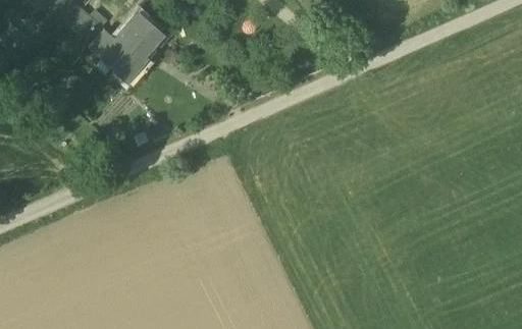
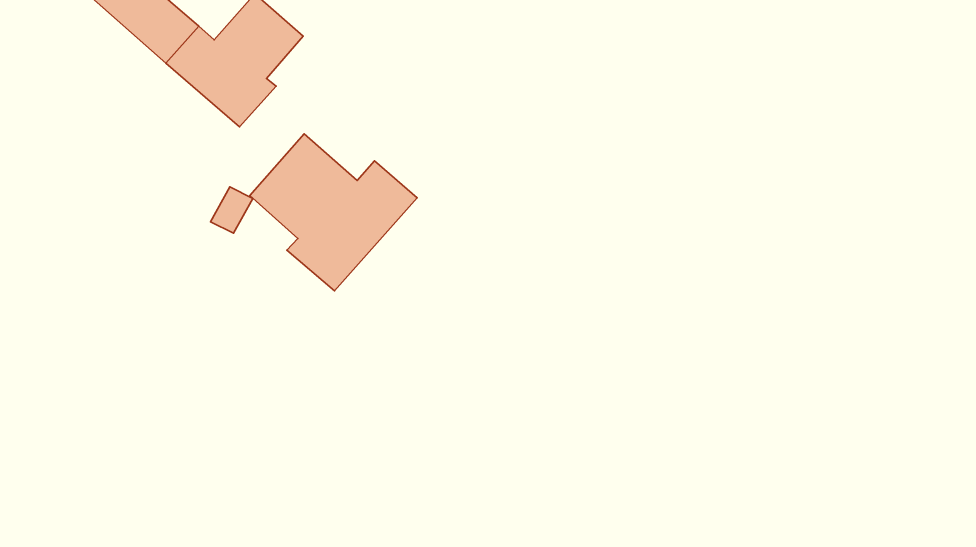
building: none -> [250,134,417,291]

